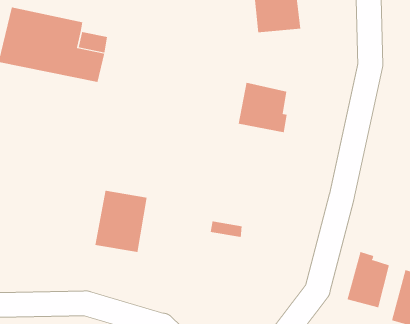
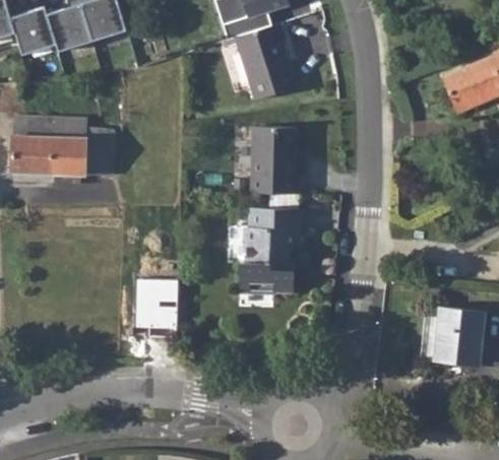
building: none -> [252,127,294,152]
building: none -> [240,207,304,289]
building: [347,251,389,308] -> none

